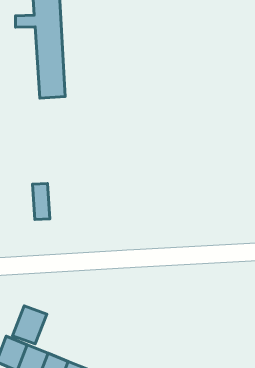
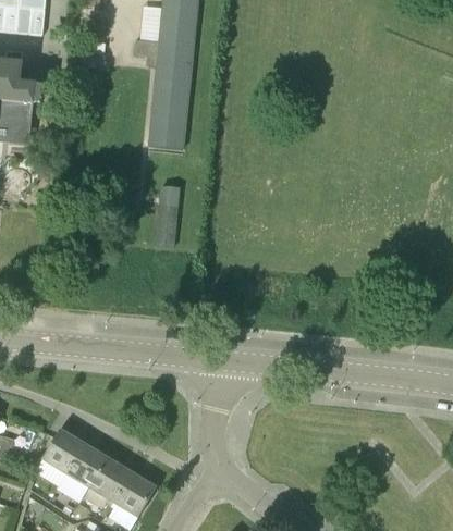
building: [33,184,50,220] -> [155,201,177,247]
building: [13,306,47,344] -> none

